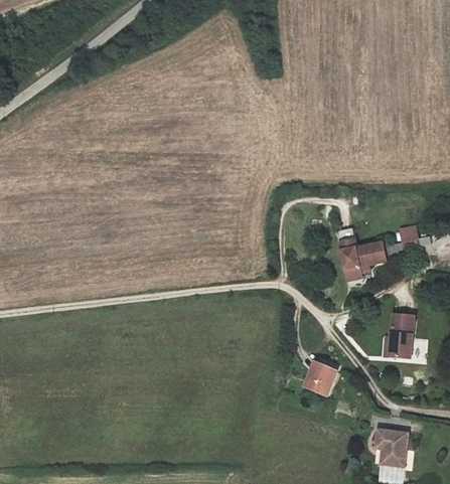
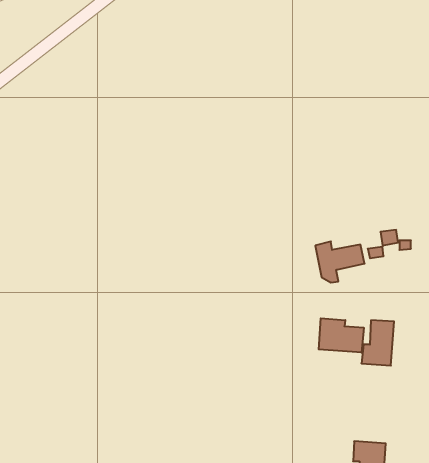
building: none -> [319,318,364,353]
building: [304,362,336,394] -> none

